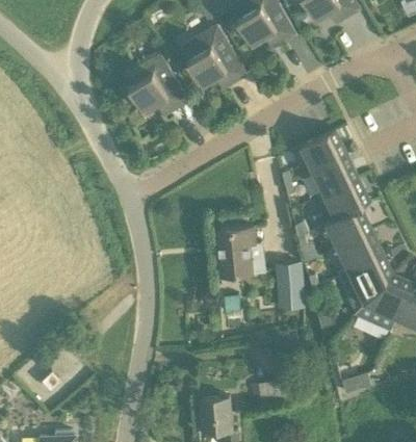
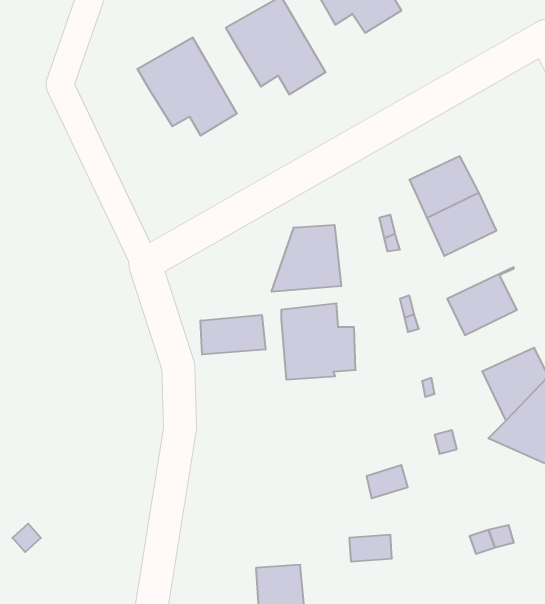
building: none -> [272,225,341,292]
building: [324,180,370,225] -> none
building: [338,232,384,272] -> none
building: none -> [201,315,265,355]
building: [276,263,305,309] -> none

